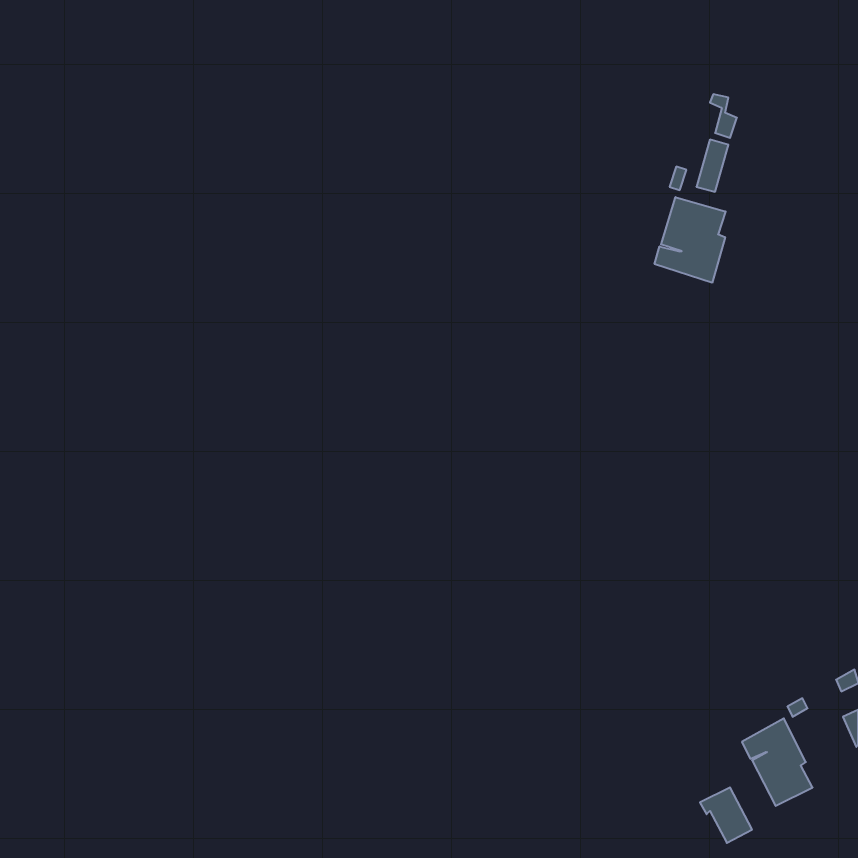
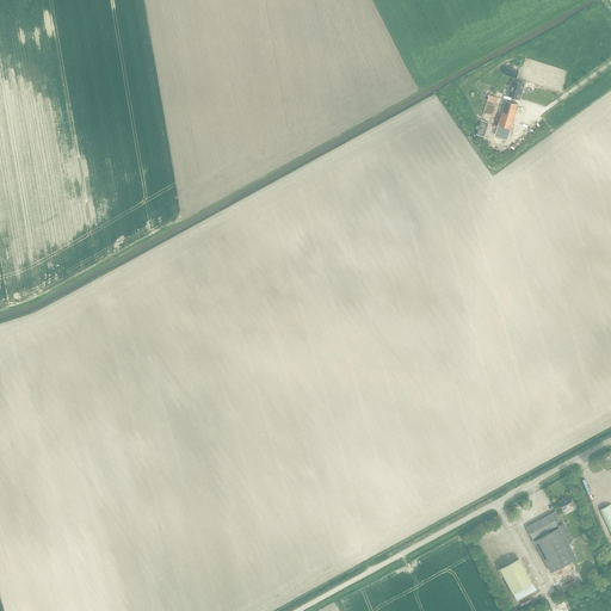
building: [655,197,726,283] -> none

